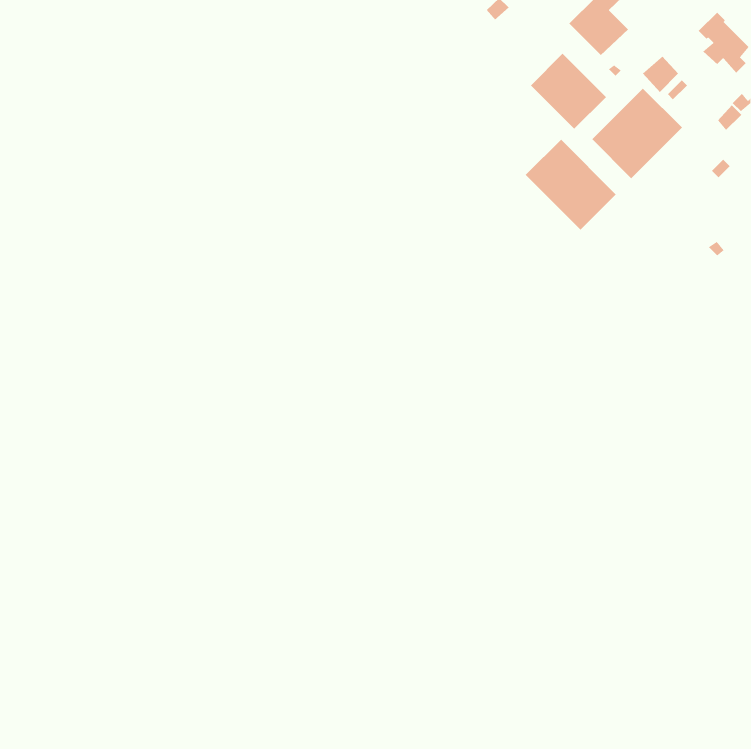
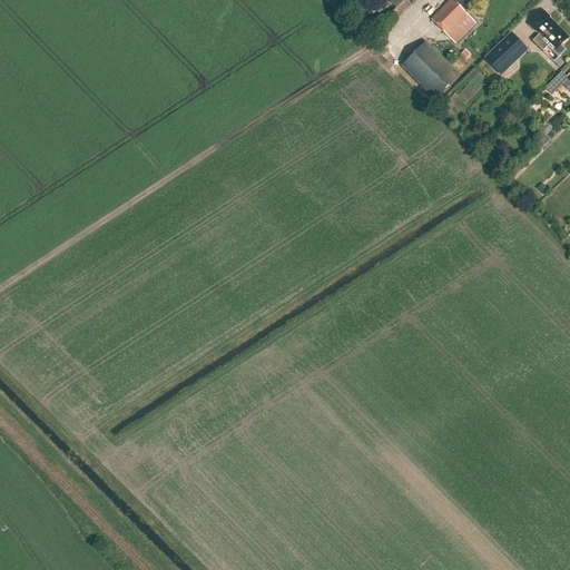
building: [591,88,683,179] -> none
building: [525,139,617,230] -> none

